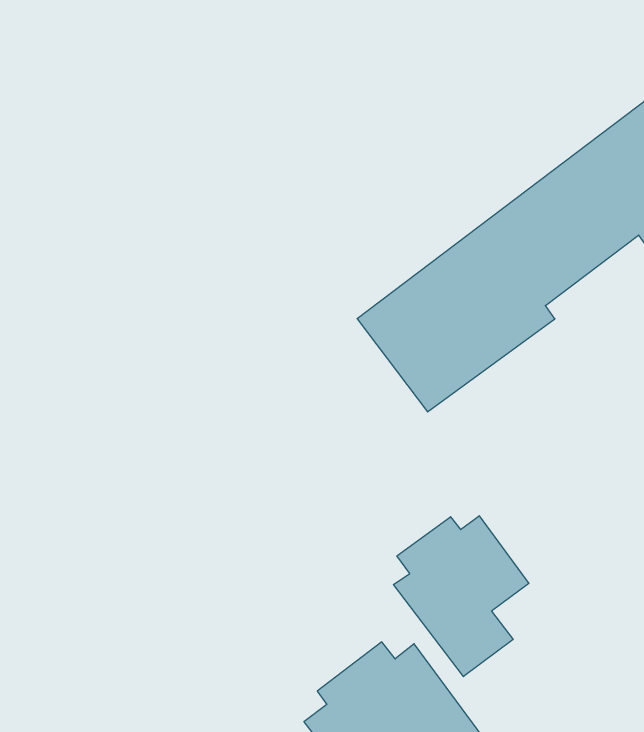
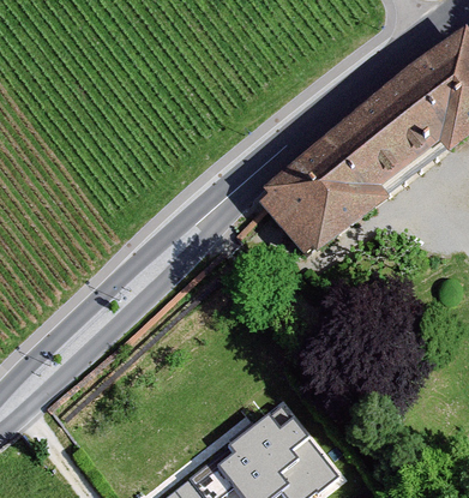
building: [393,516,529,677] -> none

